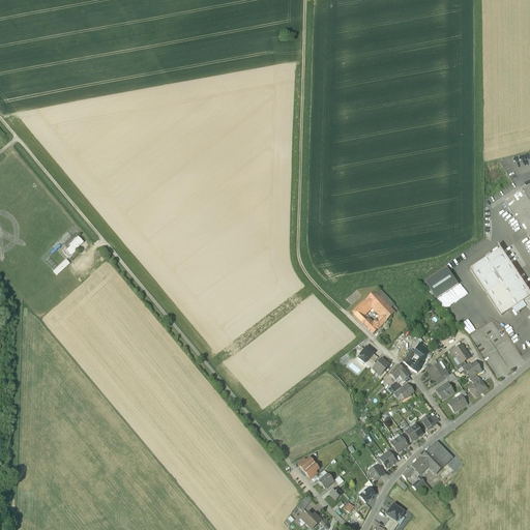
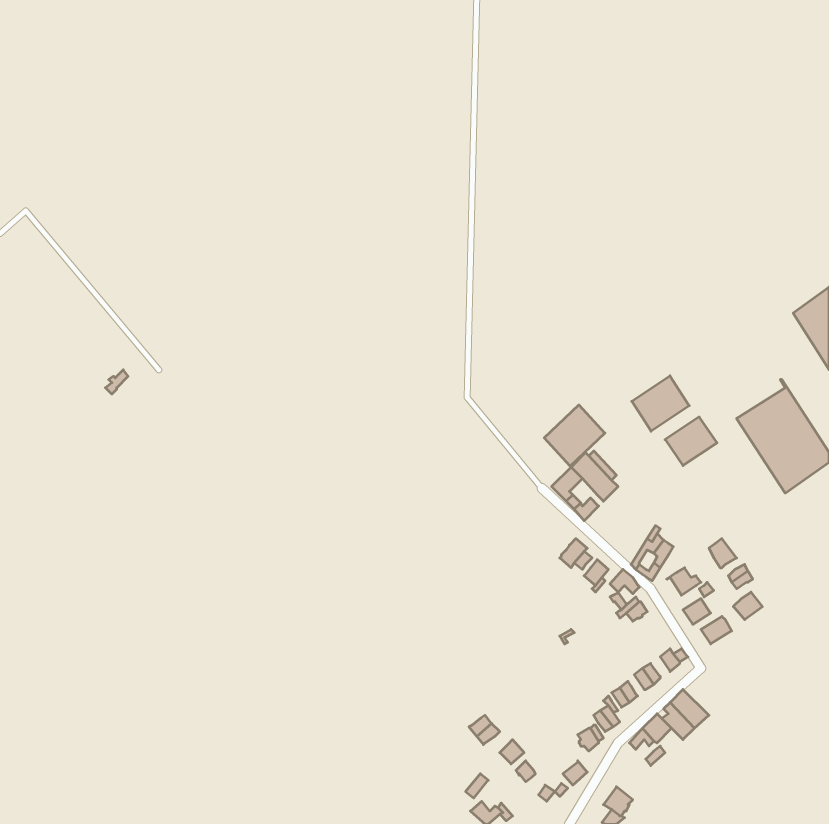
building: none -> [632,376,689,431]
building: none -> [544,405,605,466]

